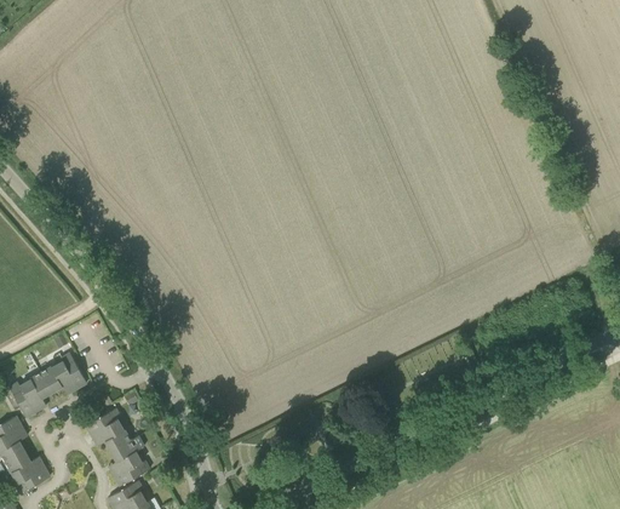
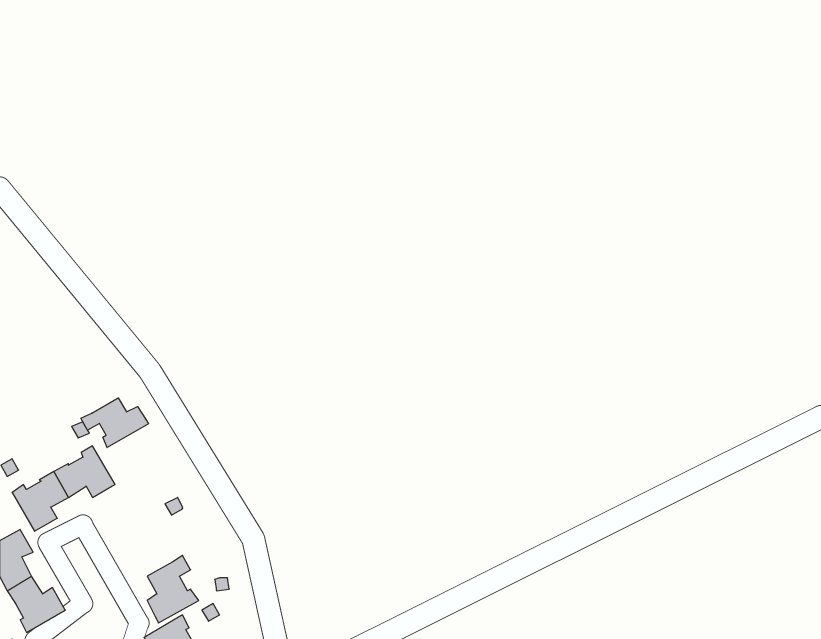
building: none -> [81,398,149,448]
building: [86,408,131,451] -> none

